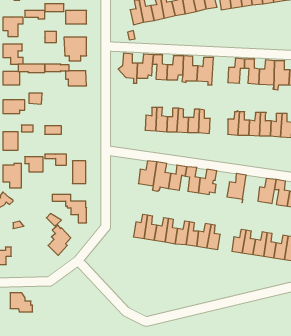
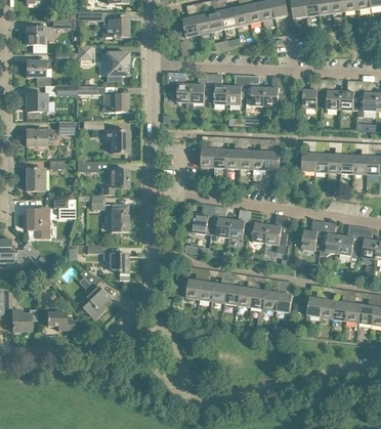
building: none -> [104,130,128,153]
building: none -> [100,170,128,195]
building: none -> [319,221,340,256]
building: [10,293,33,312] -> [46,306,74,330]

